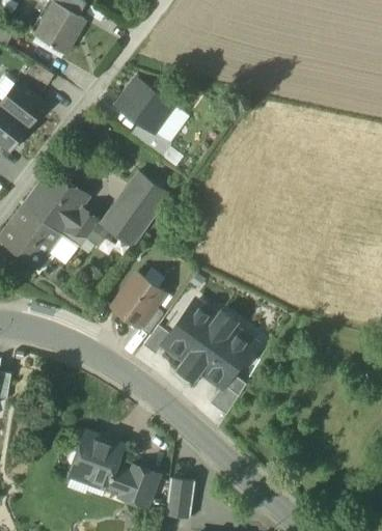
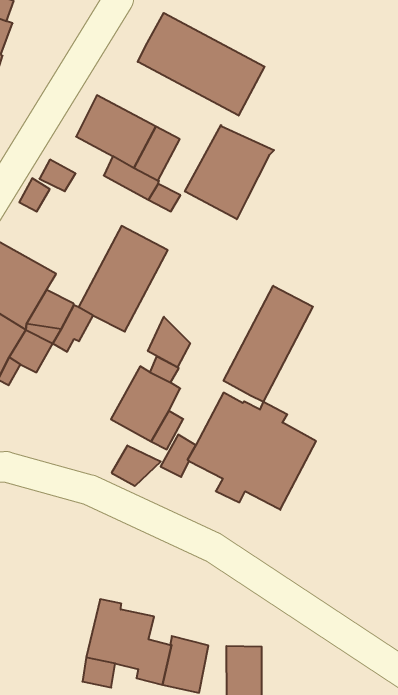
building: none -> [138,13,265,116]
building: none -> [185,125,274,219]
building: none -> [224,286,313,402]
building: none -> [148,317,190,367]
building: none -> [112,445,161,486]
building: [210,372,246,414] -> none

